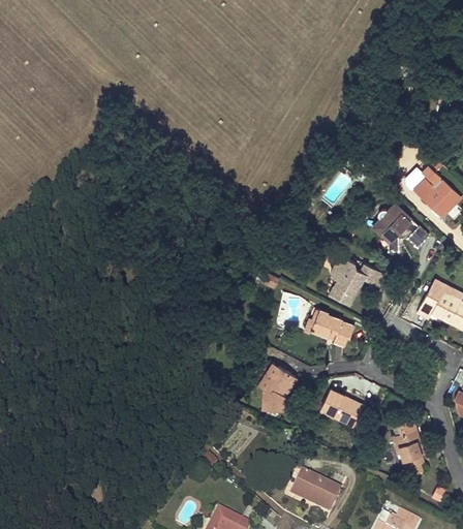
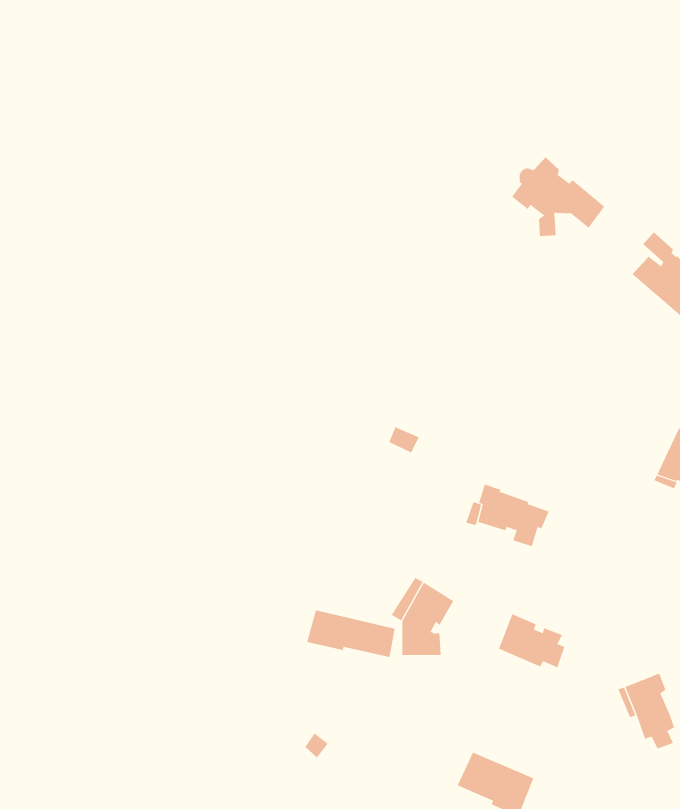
building: [374,204,430,251] -> [511,157,605,236]
building: [331,260,387,307] -> none
building: none -> [307,610,395,658]

